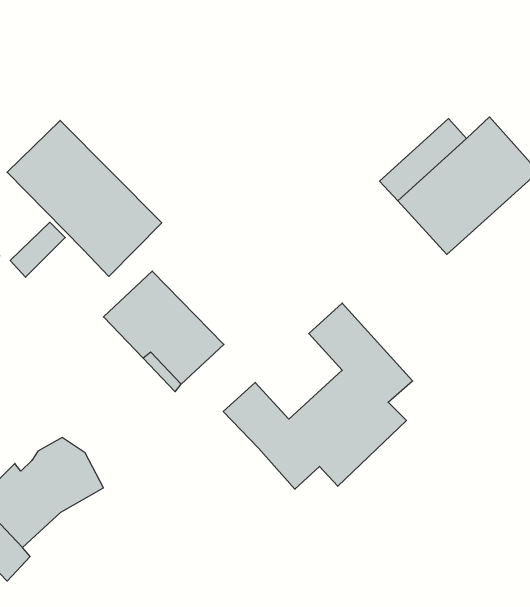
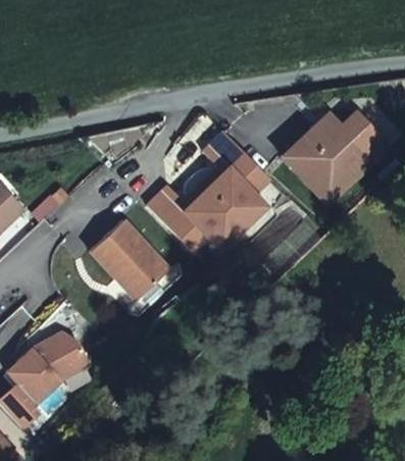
building: [7,120,162,276] -> none
building: [223,303,413,489] -> [141,125,267,250]

